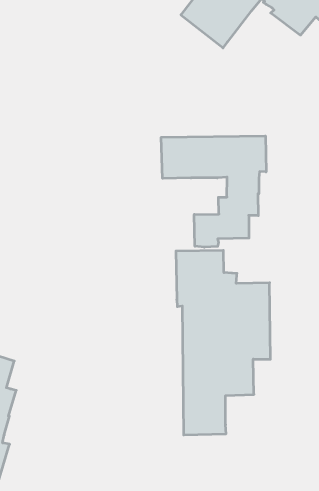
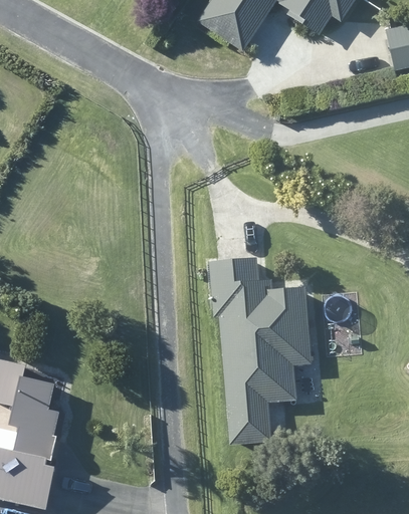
building: [161,136,266,247] -> none

